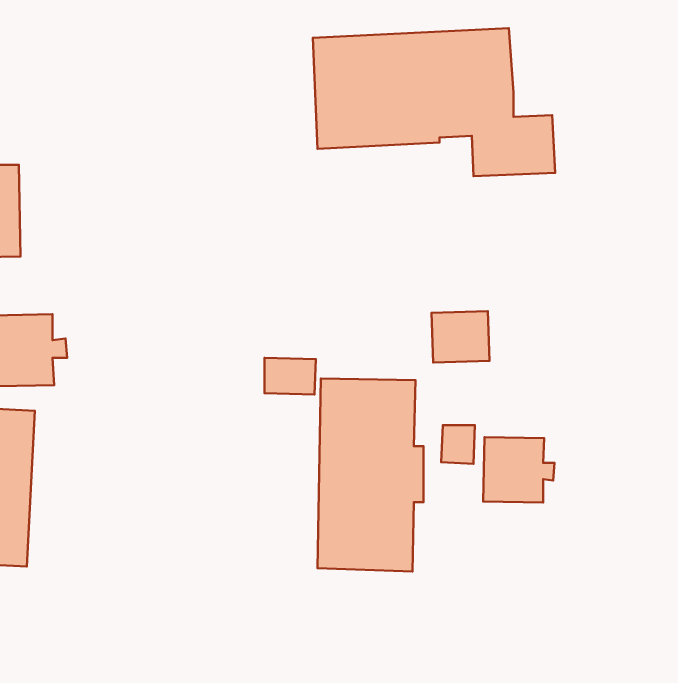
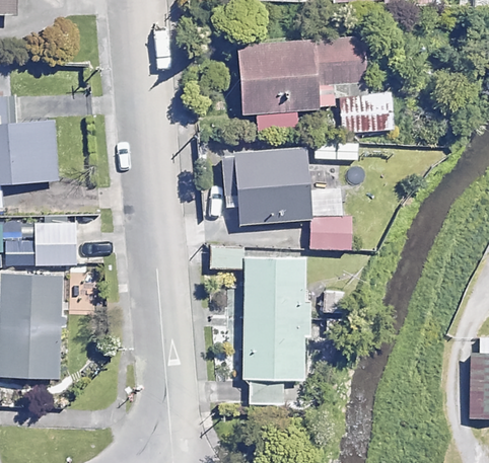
building: none -> [236,149,311,222]
building: [483,437,555,502] -> none

